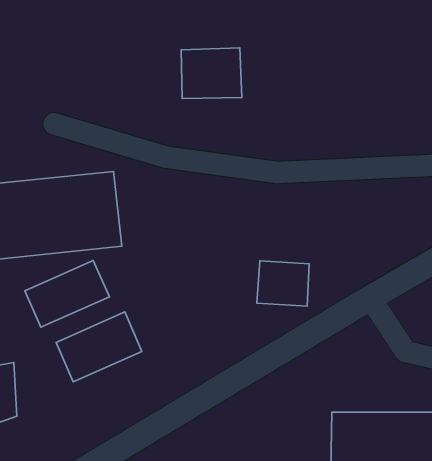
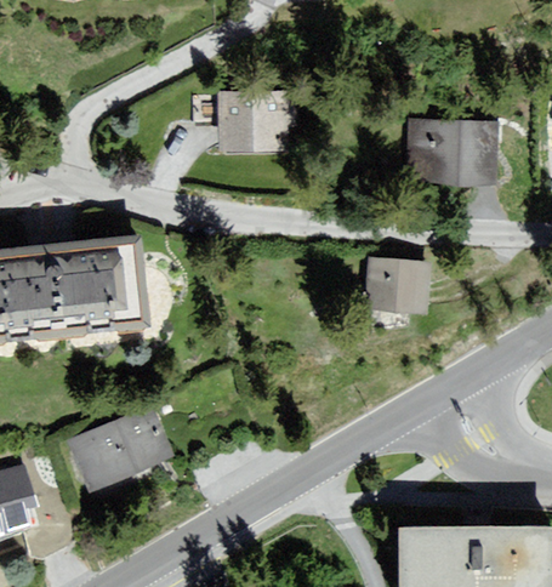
building: none -> [399,122,488,187]
building: [25,261,109,327] -> none
building: [257,261,309,306] -> [365,256,428,310]

